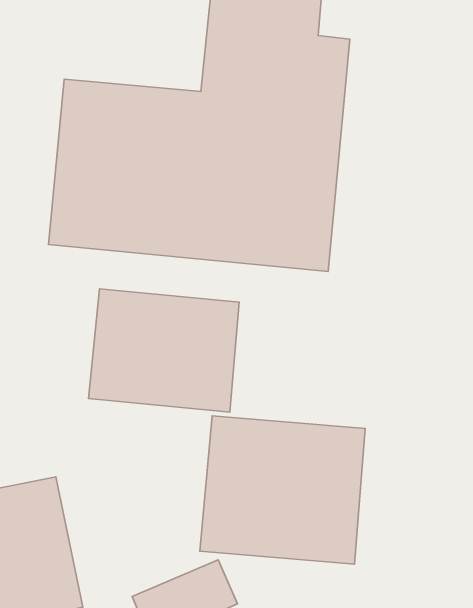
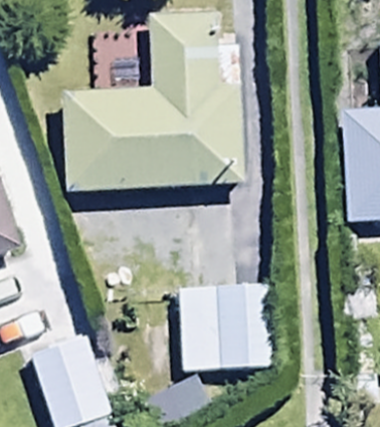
building: [89,289,239,412] -> none

